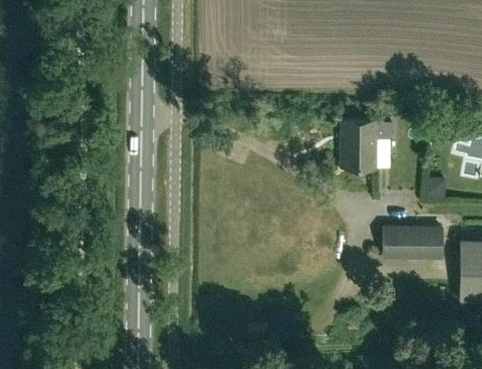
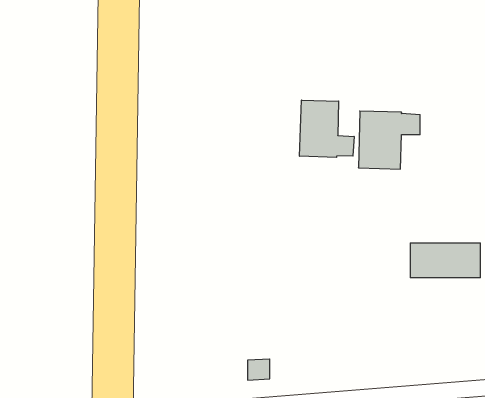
building: none -> [300,100,354,157]

